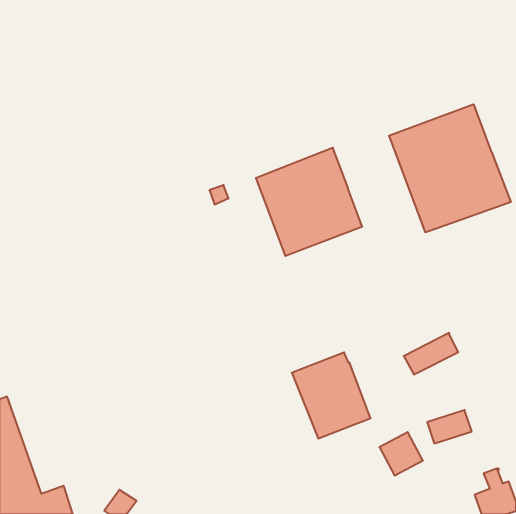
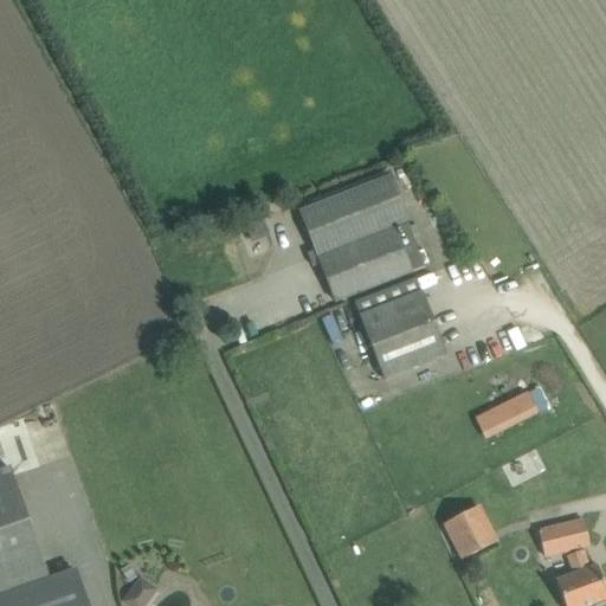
building: [389,104,511,232] -> none
building: [292,352,371,438] -> [353,277,445,378]
building: [427,410,472,443] -> [536,518,588,557]

